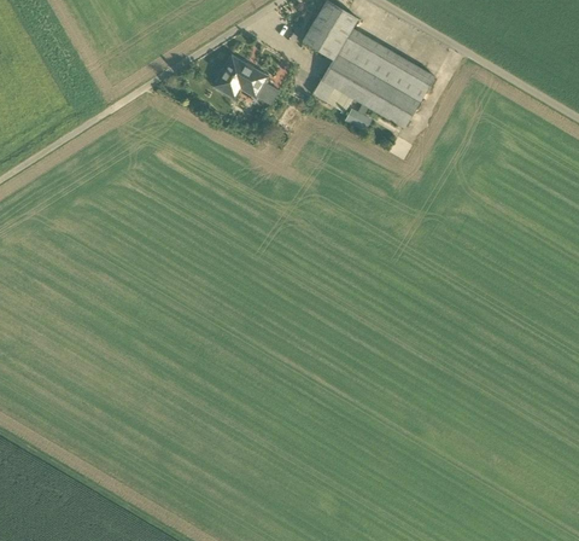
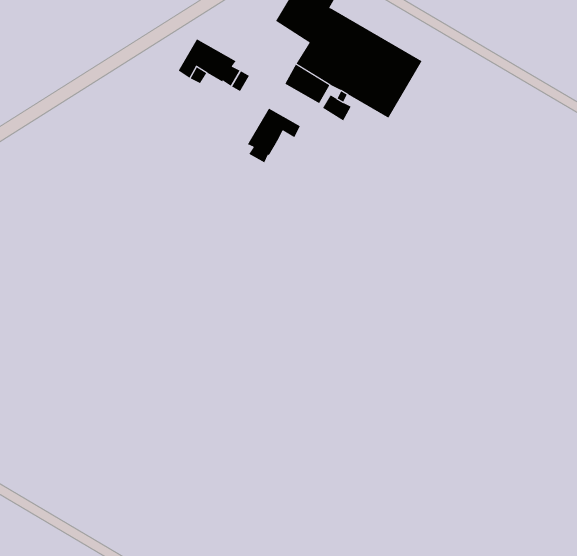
building: none -> [247,108,300,163]

